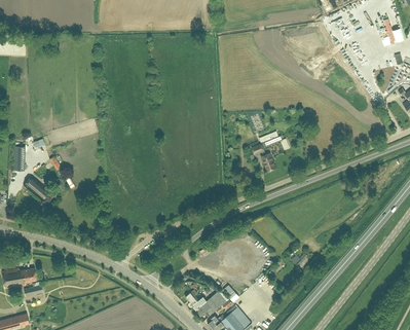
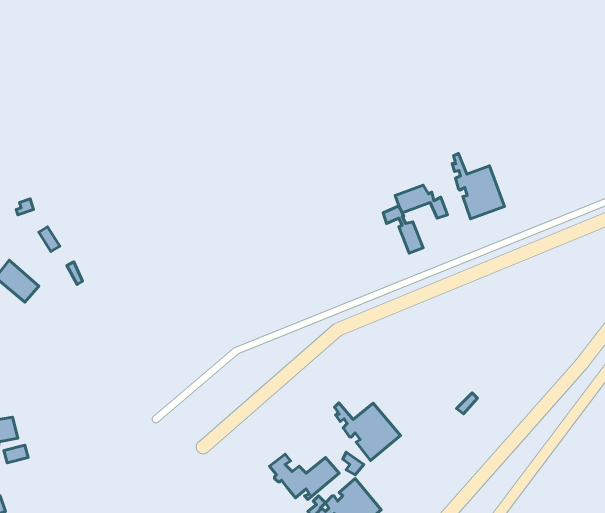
building: none -> [452,153,505,219]
building: none -> [335,403,400,460]

